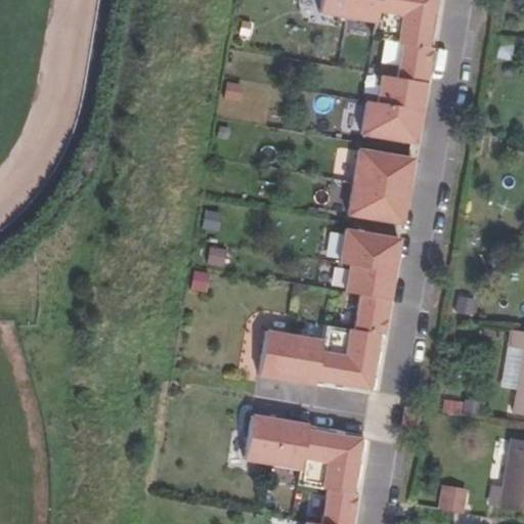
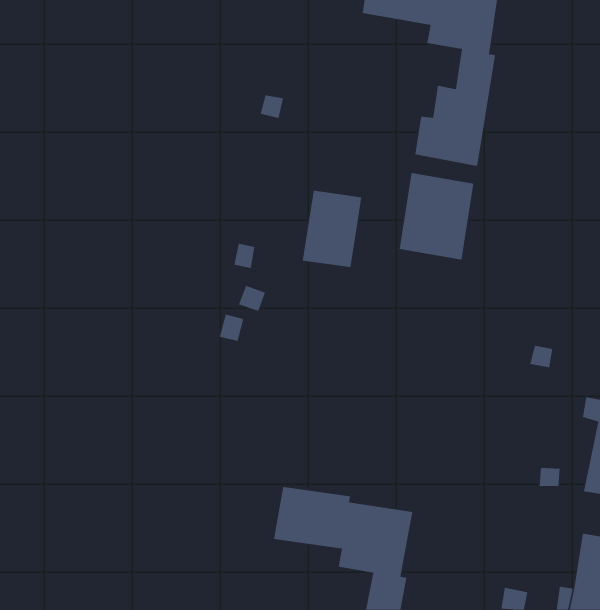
building: none -> [302,190,362,268]
building: [260,228,402,386] -> none

